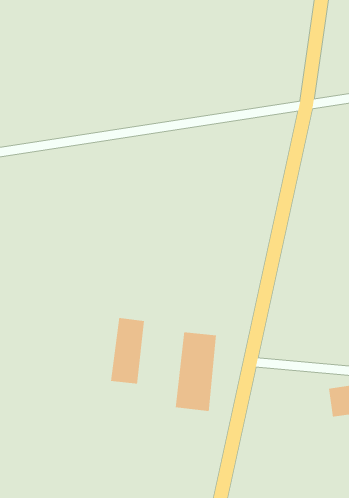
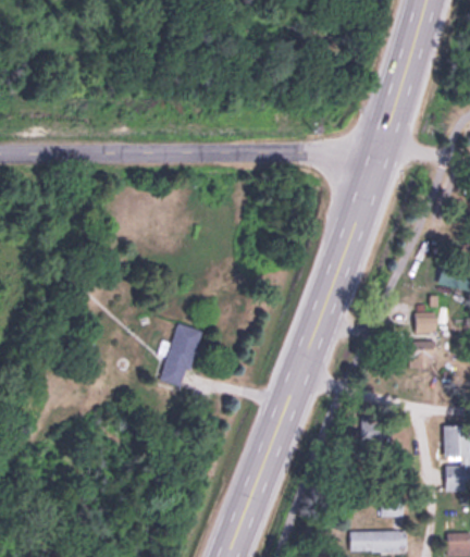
building: [175,331,217,412] -> none

